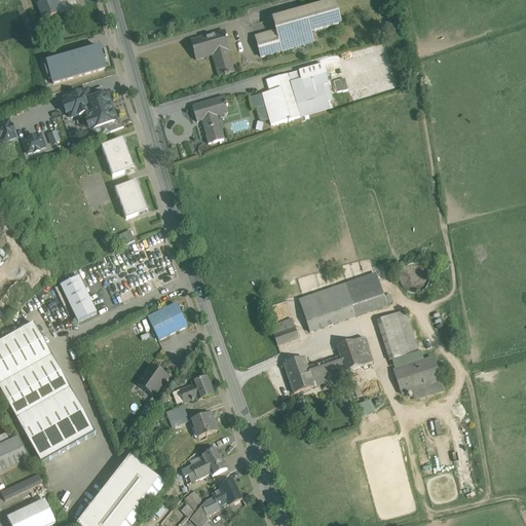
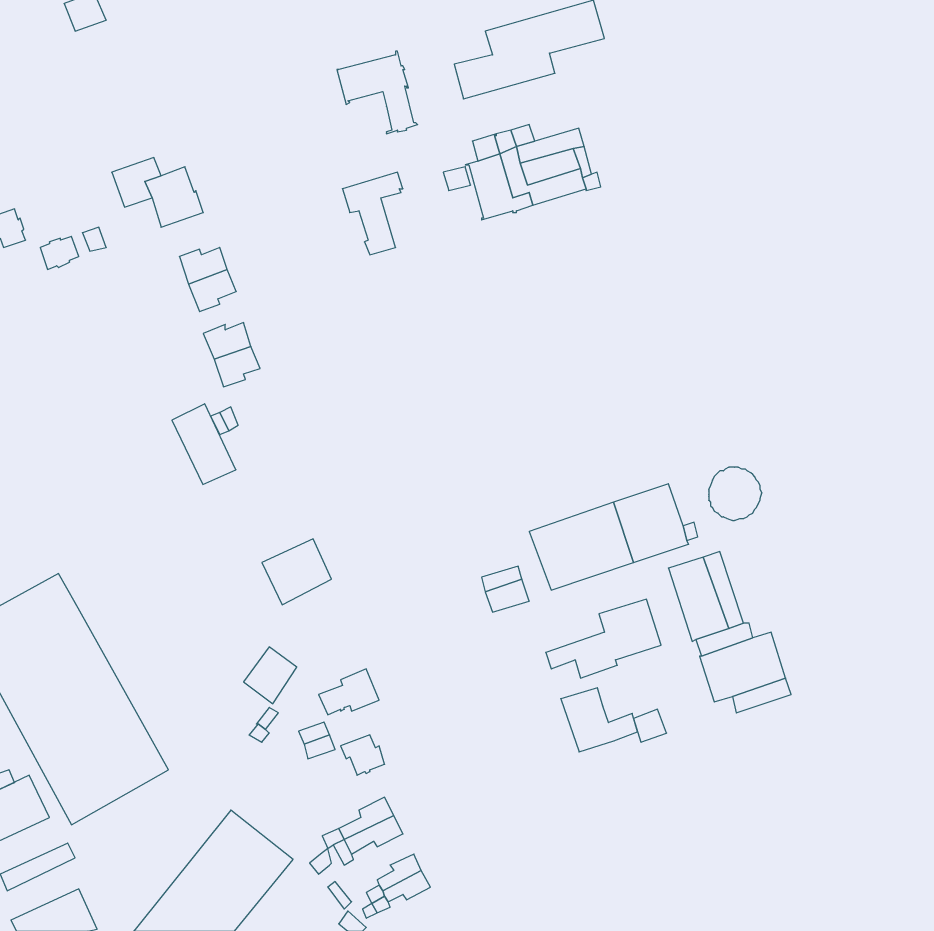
building: [46,45,105,82] -> none
building: [60,274,96,320] -> [172,404,236,484]
building: [283,355,326,391] -> [561,688,638,752]

